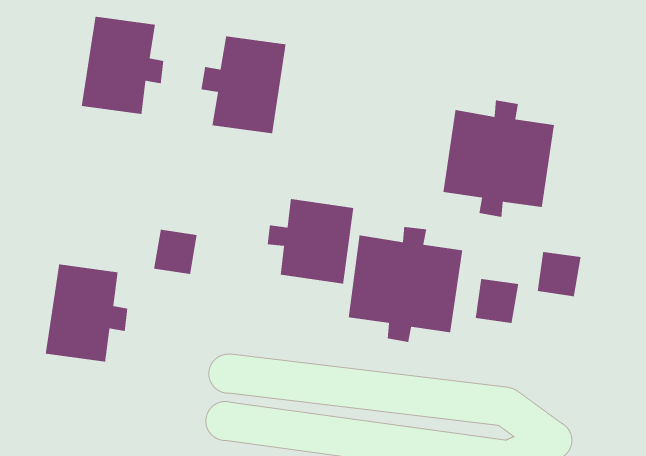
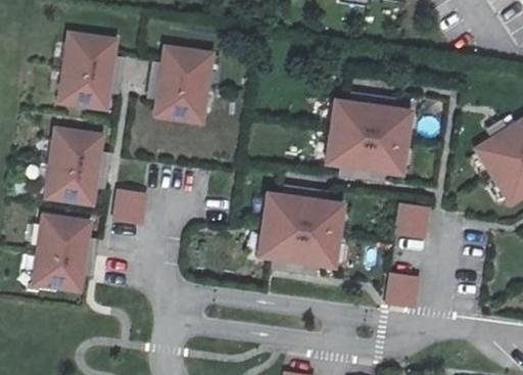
building: none -> [47,127,108,199]
building: [267,198,354,285] -> none
building: [475,278,519,324] -> [386,271,419,304]

